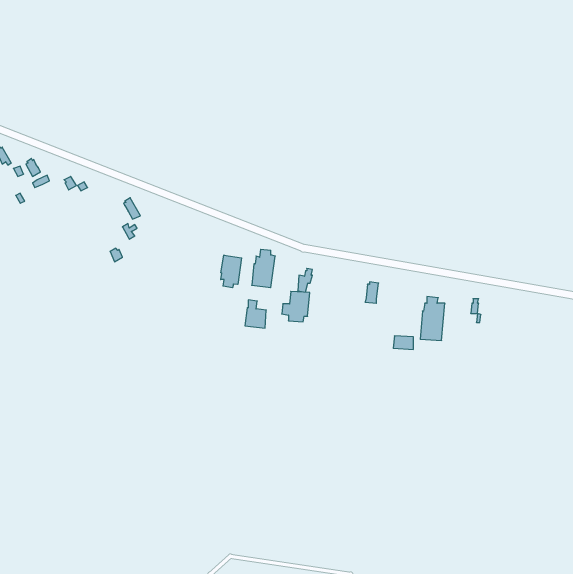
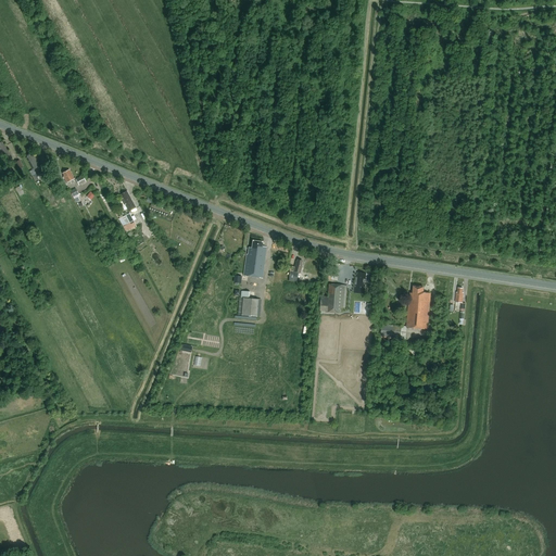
building: [221,255,242,288] -> none
building: [282,291,310,322] -> [319,285,346,314]

